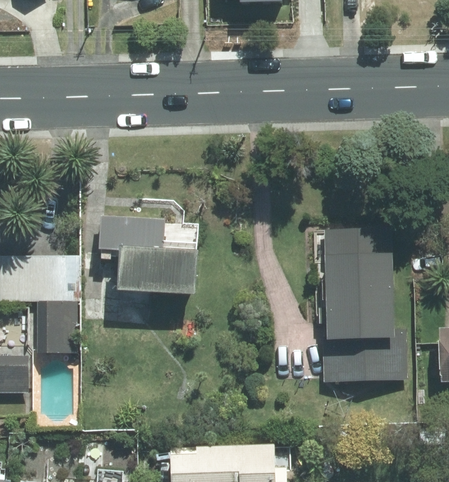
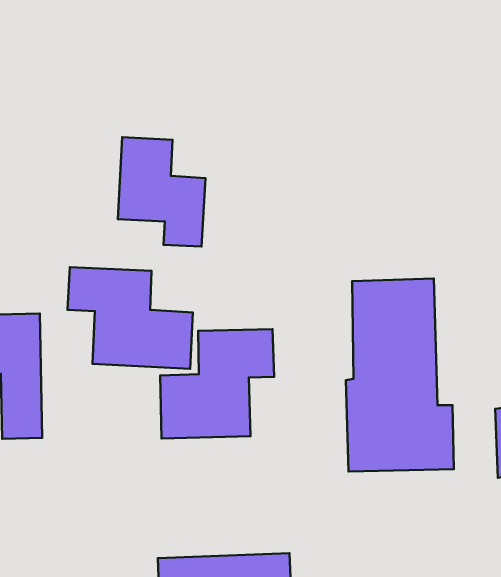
building: none -> [118,137,206,246]
building: none -> [160,329,274,439]

